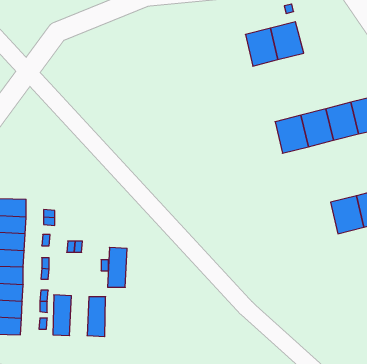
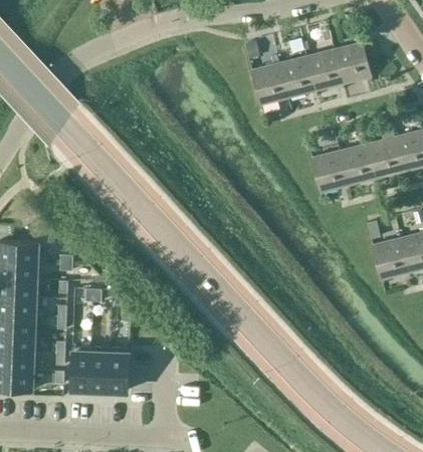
building: none -> [334,42,370,83]
building: none -> [251,63,287,104]
building: [108,247,127,287] -> [88,347,110,390]

